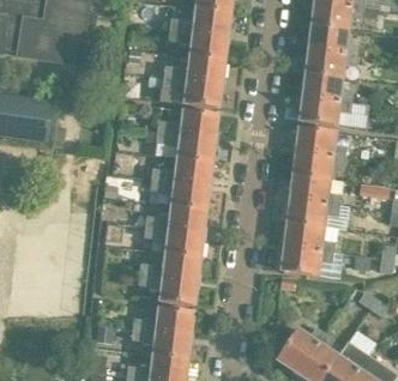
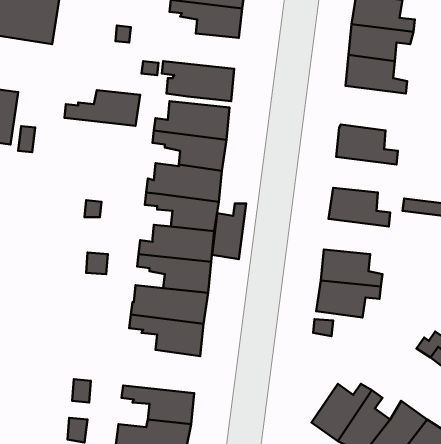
building: [164,55,223,83] -> [64,90,140,126]
building: [302,96,352,125] -> none
building: [296,151,345,179] -> none
building: none -> [212,203,246,259]
building: [289,199,339,226] -> none
building: [133,306,192,334] -> none

